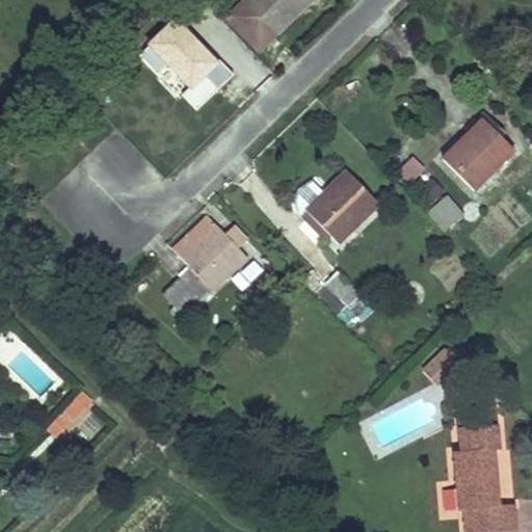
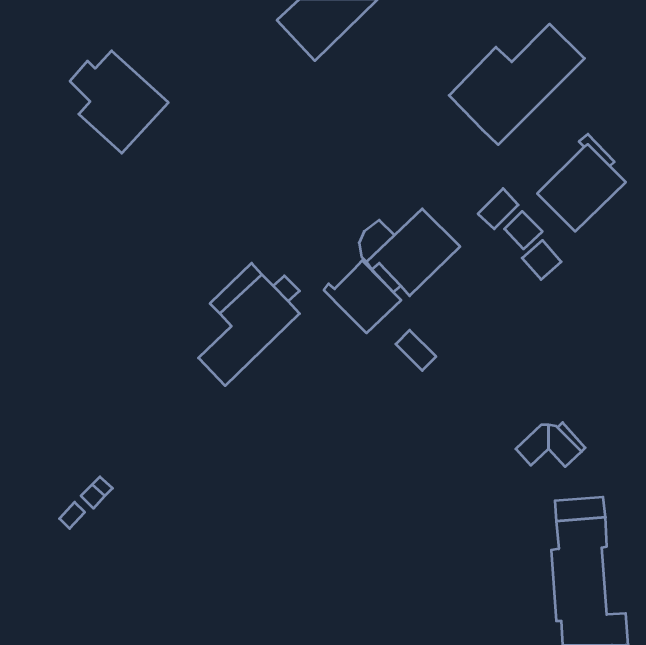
building: none -> [449,24,585,145]
building: [153,29,234,113] -> [70,51,168,153]
building: none -> [324,260,401,333]

